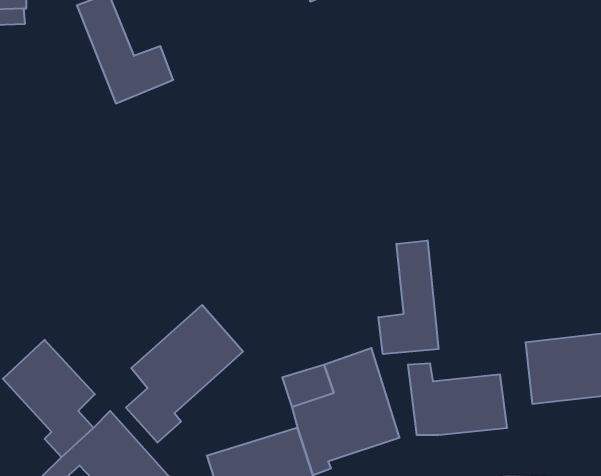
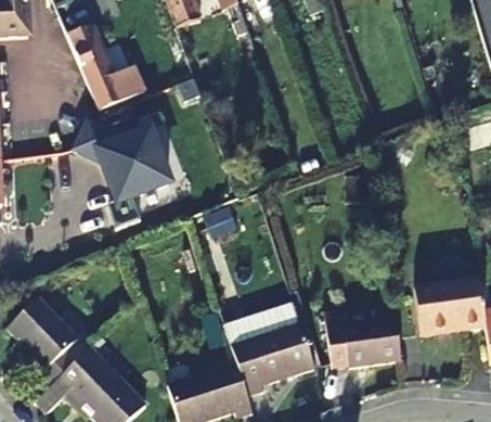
building: none -> [69,115,166,228]
building: [378,240,439,354] -> none
building: [126,305,243,443] -> none

